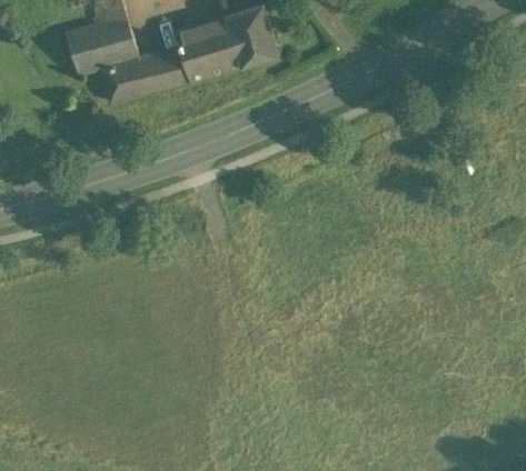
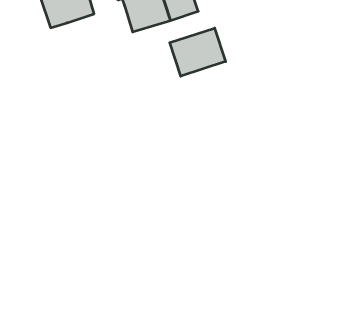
building: [101,47,190,102] -> none
building: none -> [170,28,226,76]

